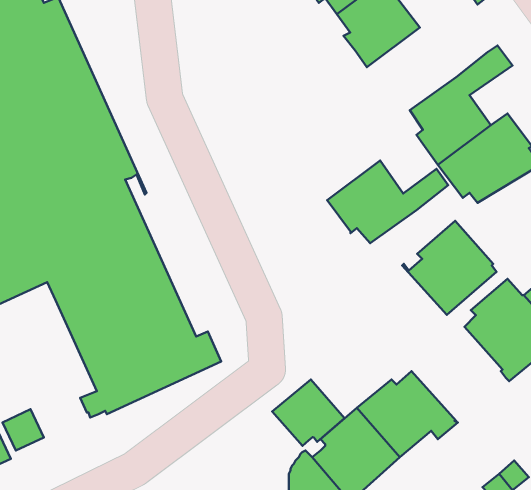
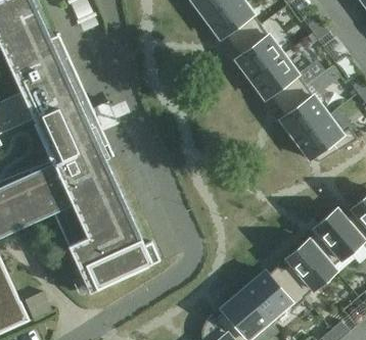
building: [327,160,448,243] -> [249,54,324,105]
building: [402,221,497,315] -> [277,239,335,297]
building: [272,379,344,446] -> none

